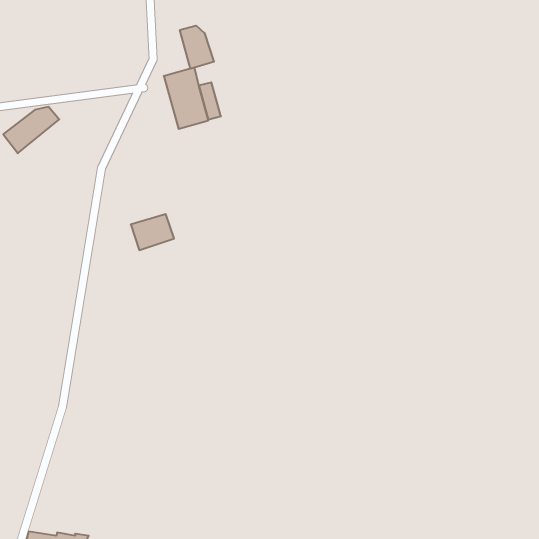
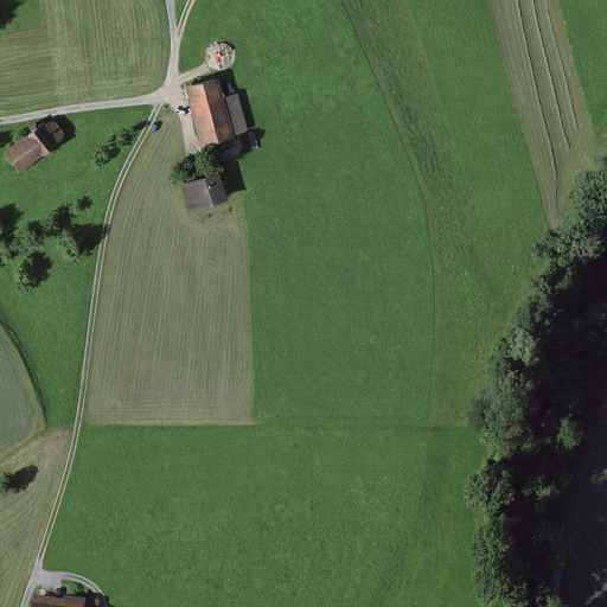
building: [180,26,214,69] -> none
building: [131,214,174,250] -> [179,172,228,212]

